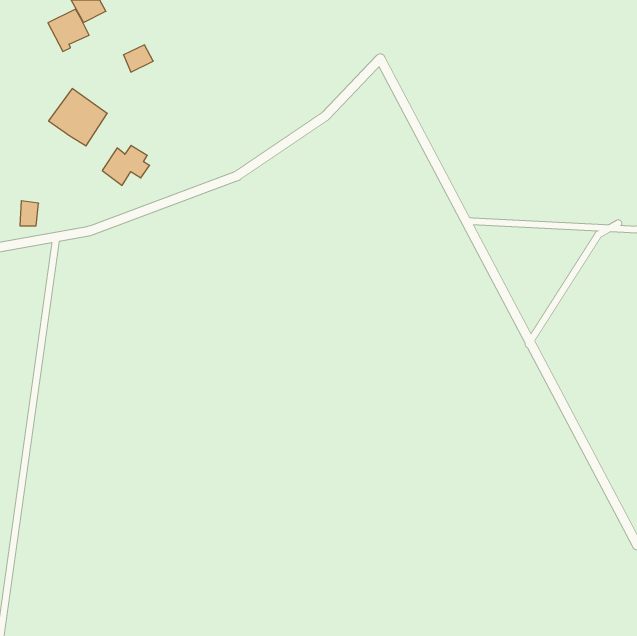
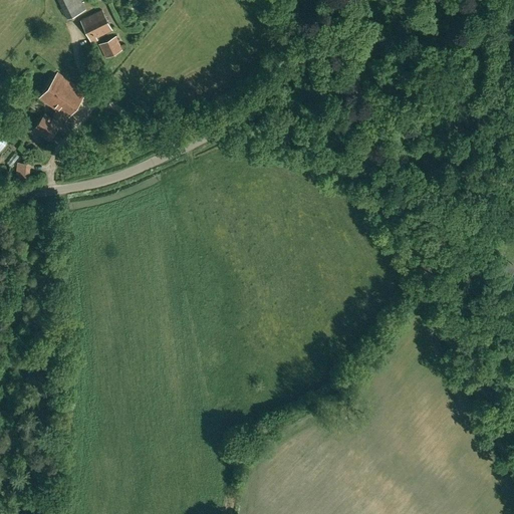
building: [48,9,89,51] -> [80,10,113,44]
building: [102,145,150,185] -> [33,110,71,143]

